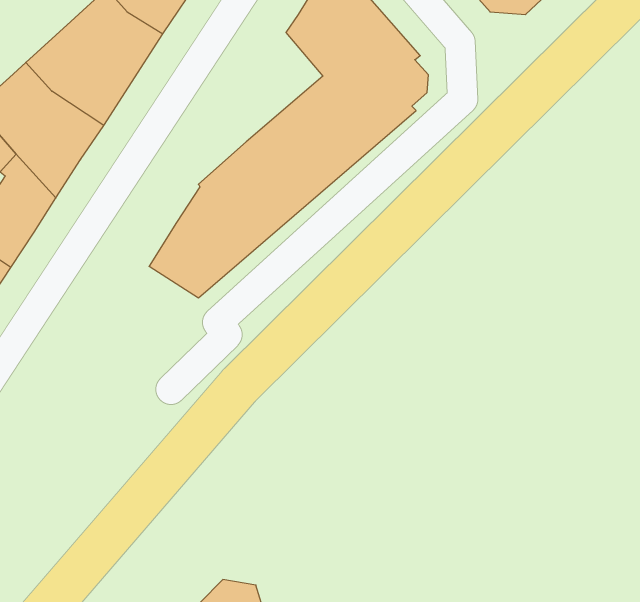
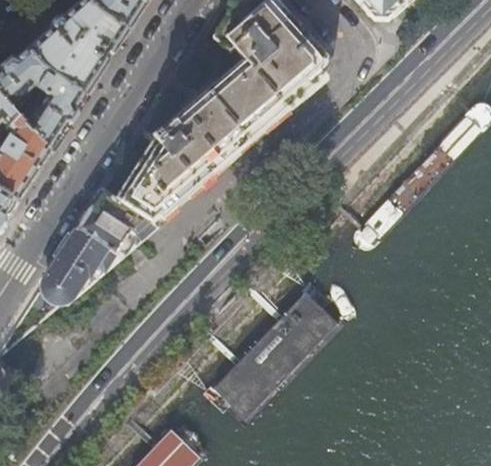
building: none -> [39,189,152,298]
building: none -> [207,289,339,425]

